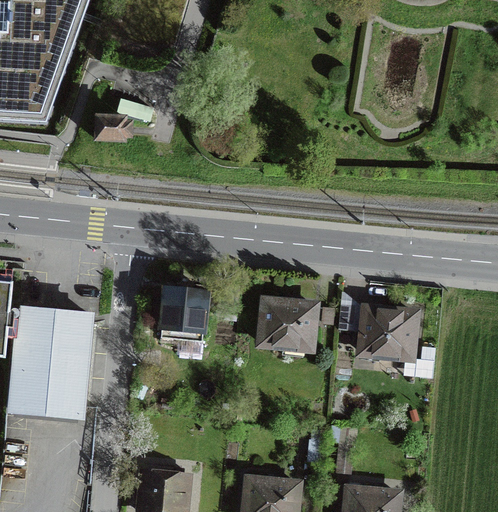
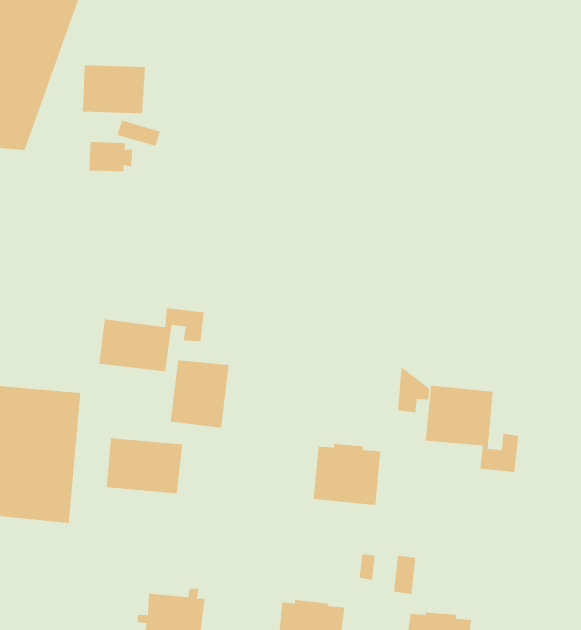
building: none -> [83,64,145,114]
building: none -> [98,308,204,372]
building: [261,299,315,348] -> [313,444,381,506]
building: none -> [106,437,183,494]

